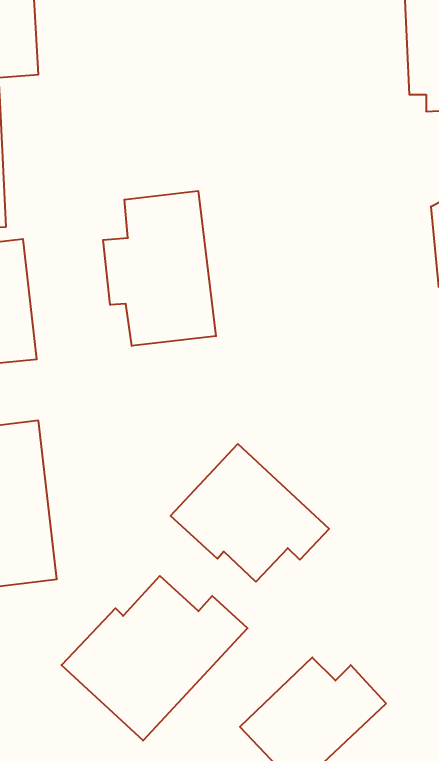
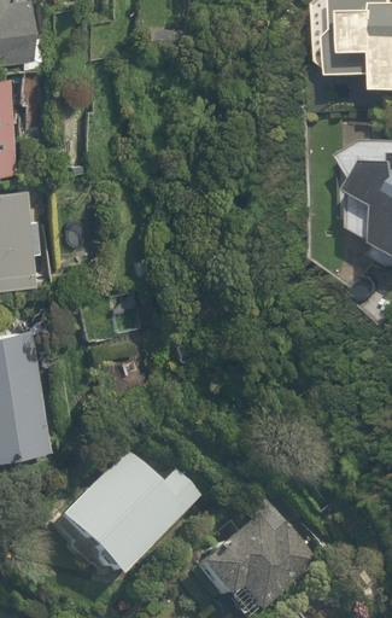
building: [103,191,216,346] -> none
building: [171,444,329,582] -> none

